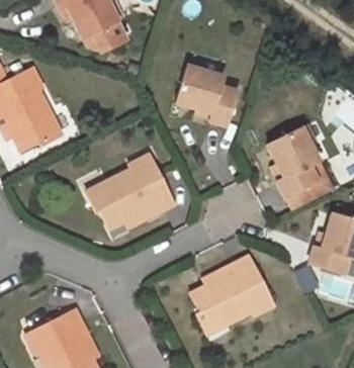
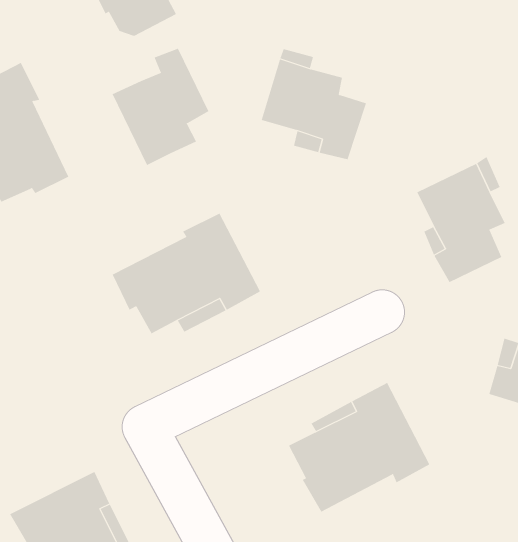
building: none -> [112,48,209,166]

